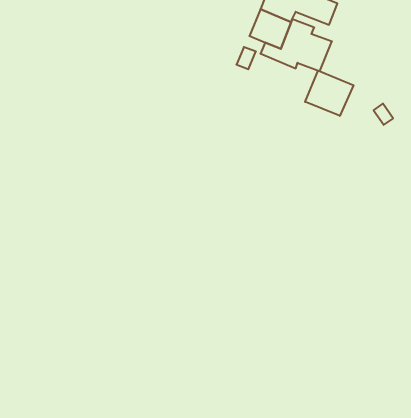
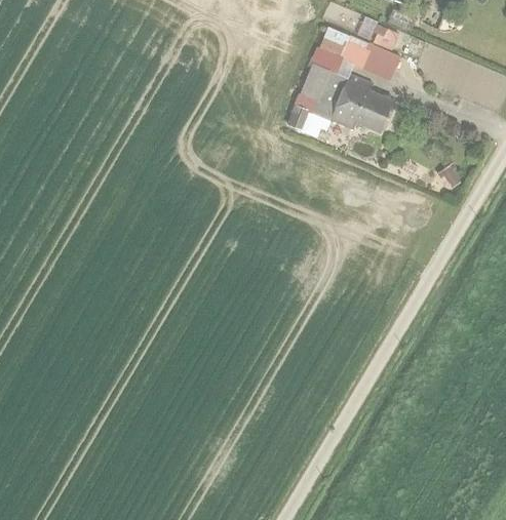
building: [305,71,354,116] -> none

